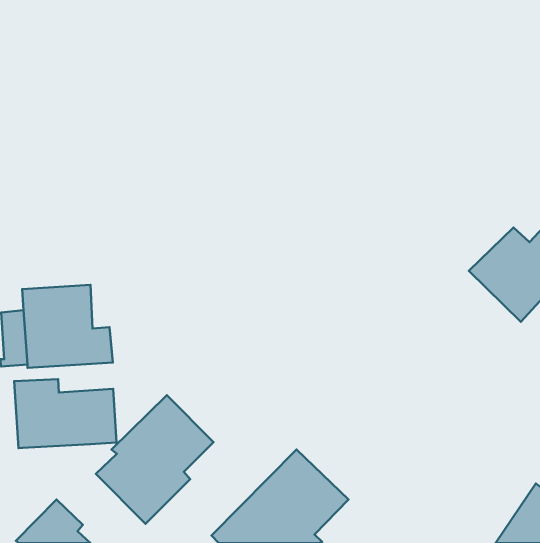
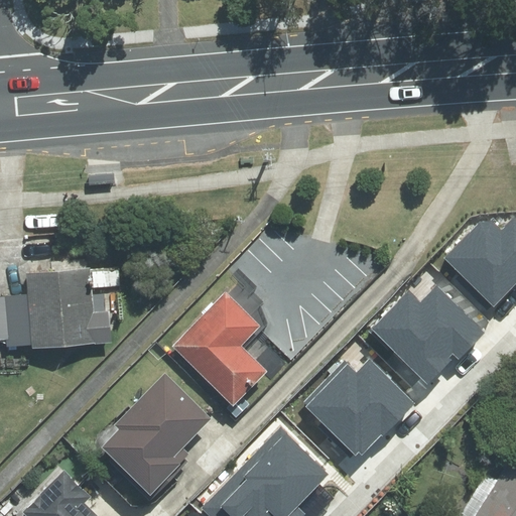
building: none -> [373,285,488,384]
building: none -> [169,293,262,406]
building: none -> [307,359,418,456]
building: [14,379,117,448] -> none

